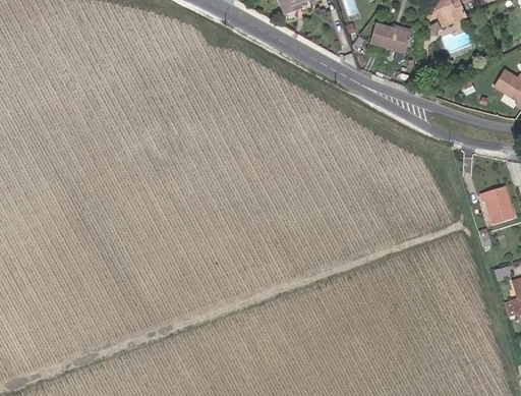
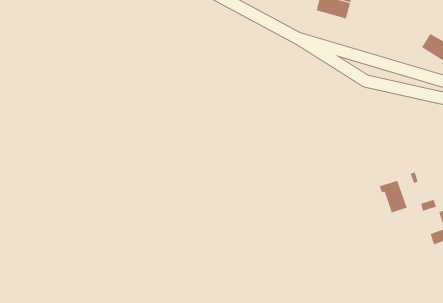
building: [480,187,514,226] -> [379,180,408,213]

